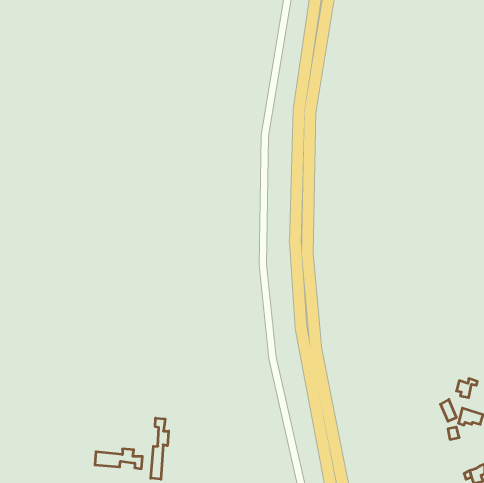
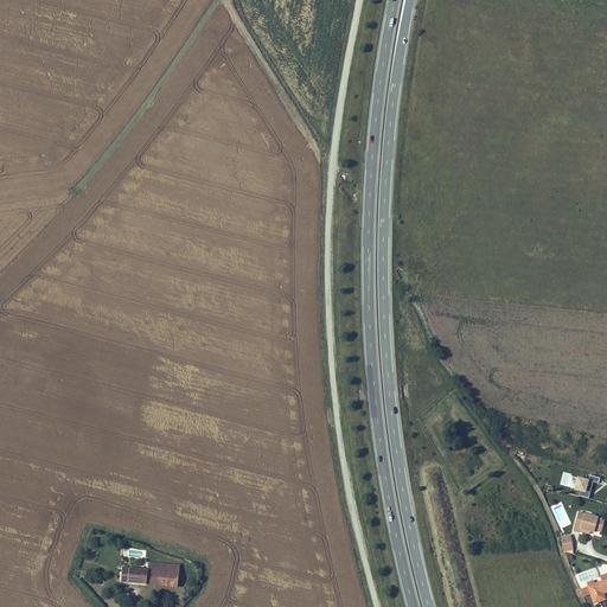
building: [151,418,169,479] -> none

